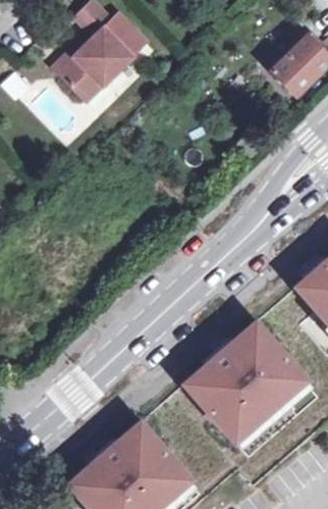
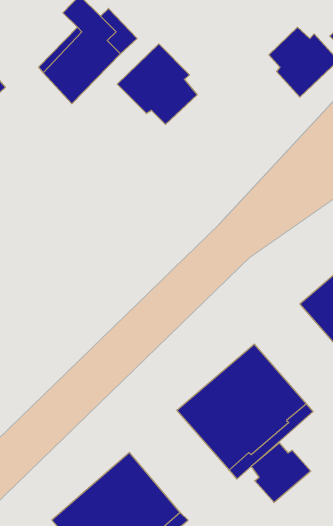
building: none -> [117,44,197,124]
building: none -> [251,443,311,503]

